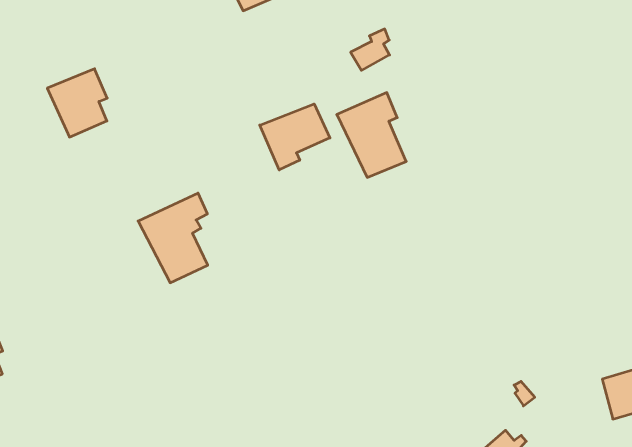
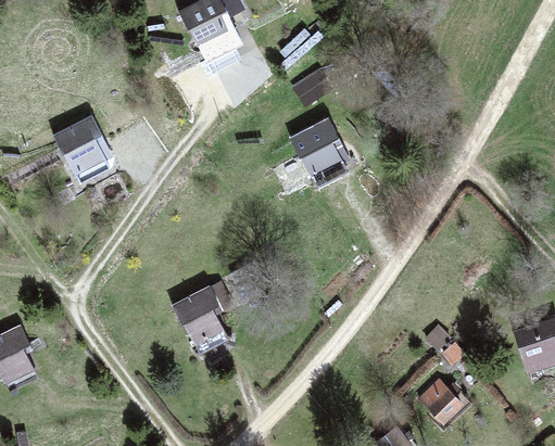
building: [260,104,330,170] -> none
building: [138,193,208,283] -> [172,280,230,354]

